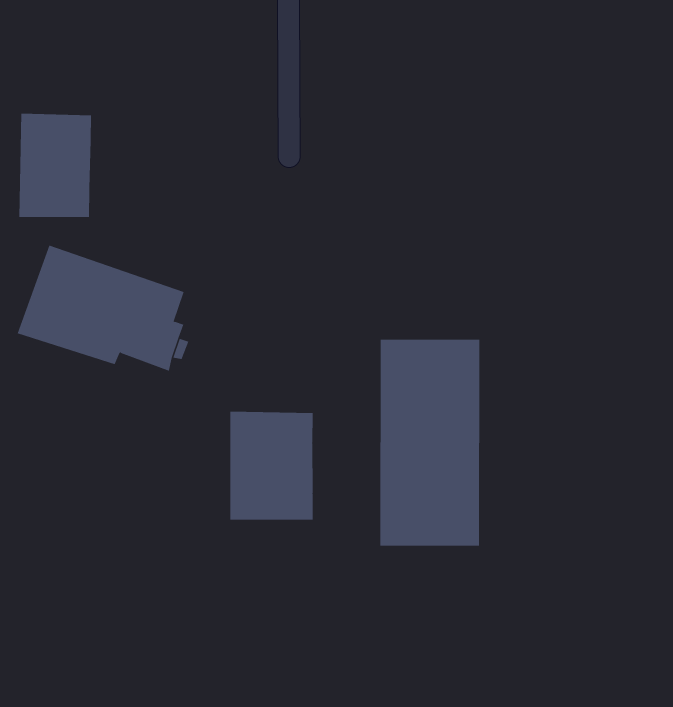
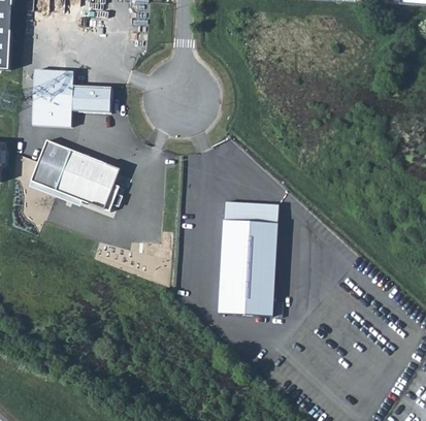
building: none -> [73,85,112,112]
building: [230,411,313,521] -> none

